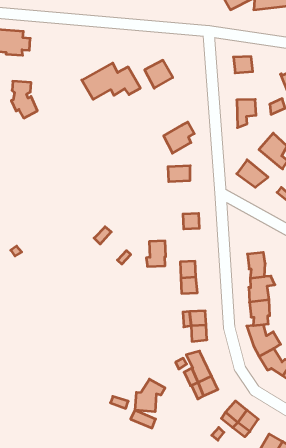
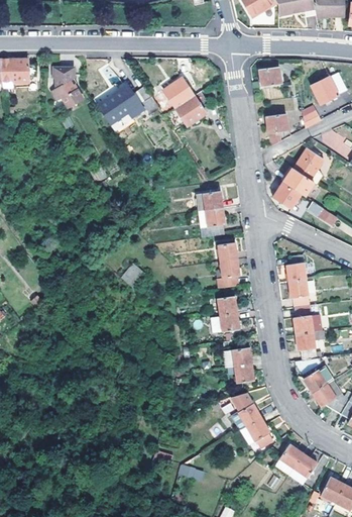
building: [11,81,37,118] -> [54,72,84,111]
building: [164,122,194,153] -> [175,92,209,127]
building: none -> [282,167,320,199]
building: none -> [199,207,224,237]
building: none -> [286,254,308,283]
building: [146,241,166,266] -> [217,258,238,288]
building: [135,379,165,412] -> none

